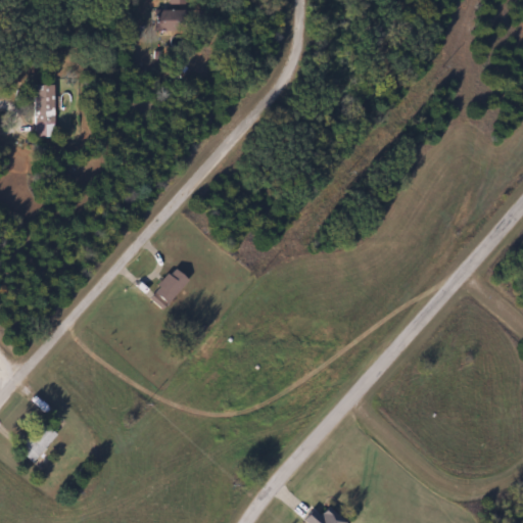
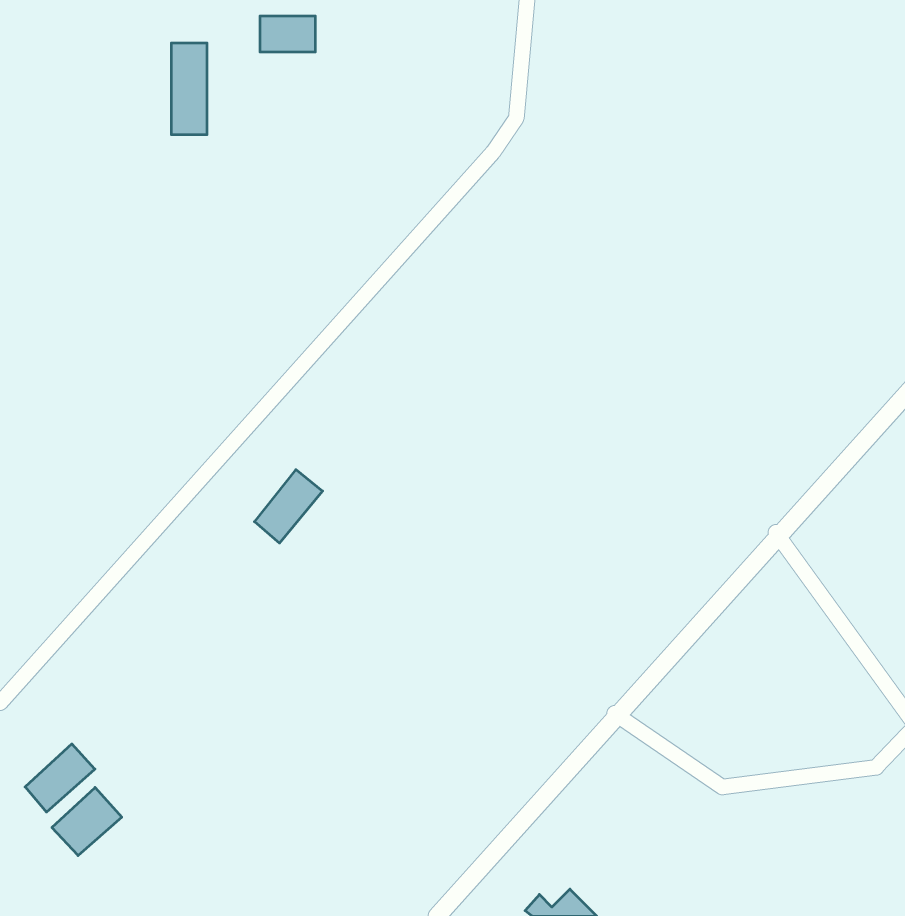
building: [36,85,56,137] -> [171,43,207,135]
building: none -> [52,787,122,856]

